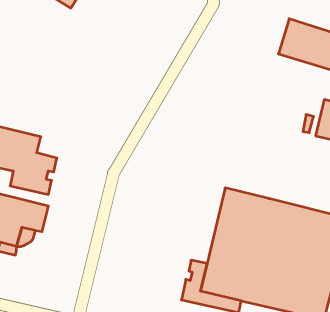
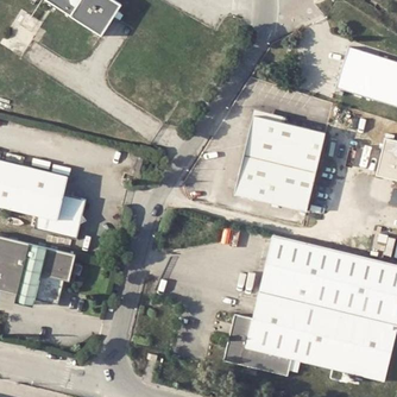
building: none -> [235,116,328,214]

